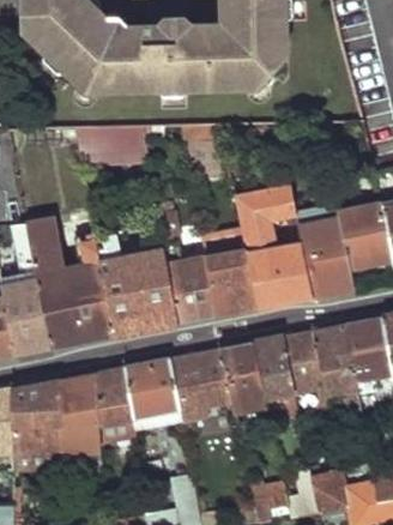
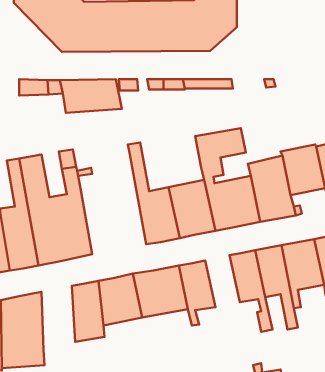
building: [102,217,179,334] -> none
building: [248,336,292,414] -> none
building: [55,372,95,447] -> none

